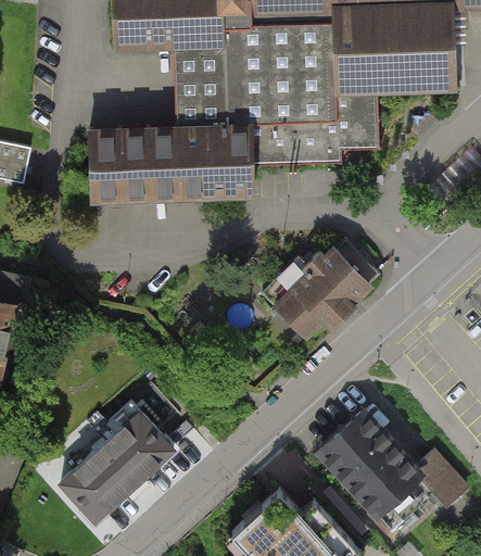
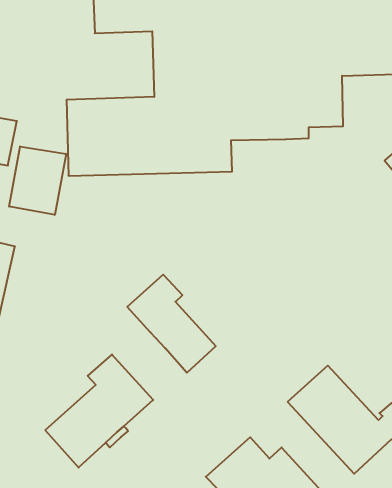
building: none -> [9,146,66,215]
building: [262,237,378,333] -> none
building: none -> [127,275,216,373]

